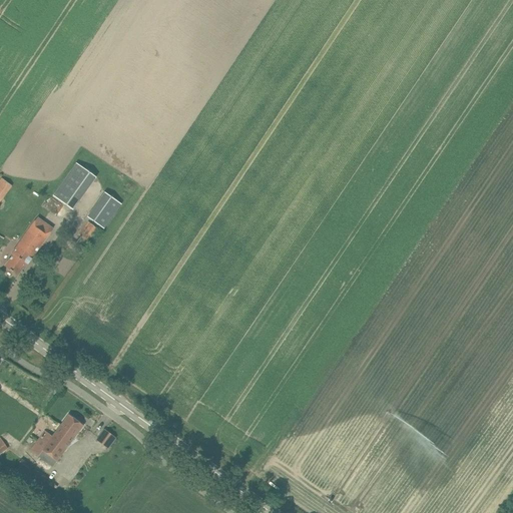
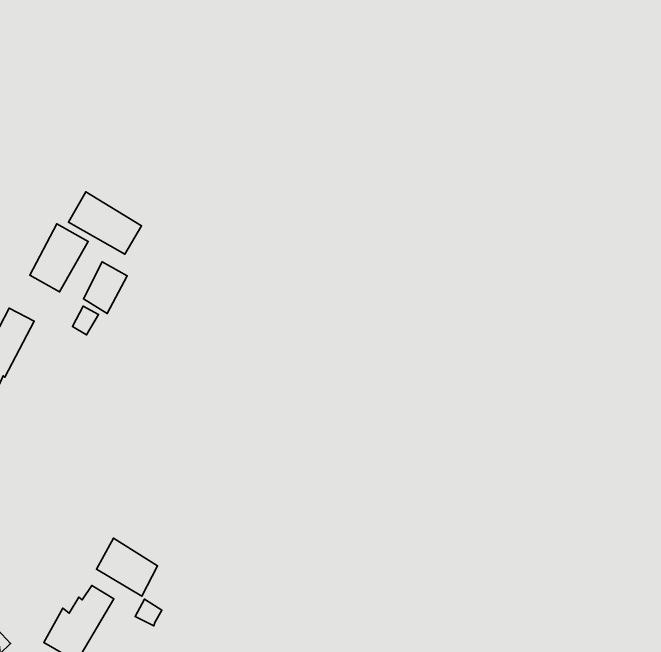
building: none -> [69,192,142,254]
building: none -> [96,538,157,596]

